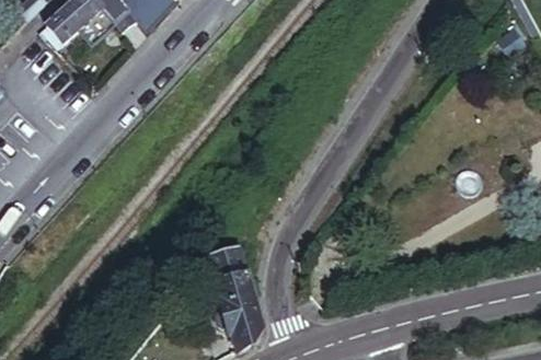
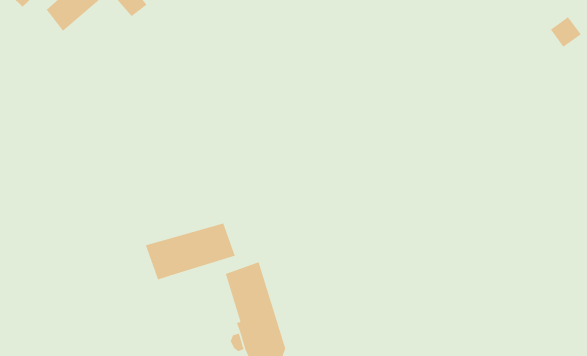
building: none -> [145,223,236,281]

